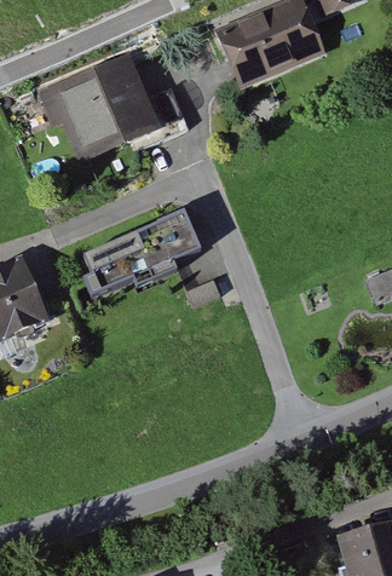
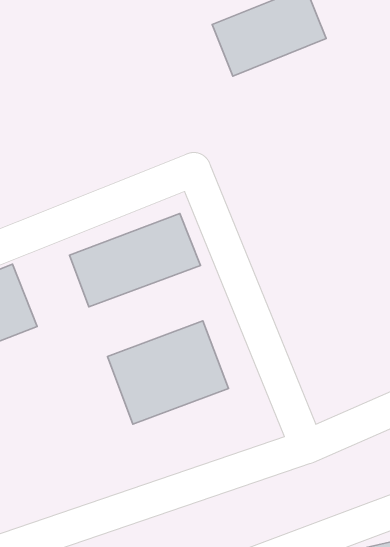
building: [50,53,160,160] -> none
building: none -> [107,321,228,424]

